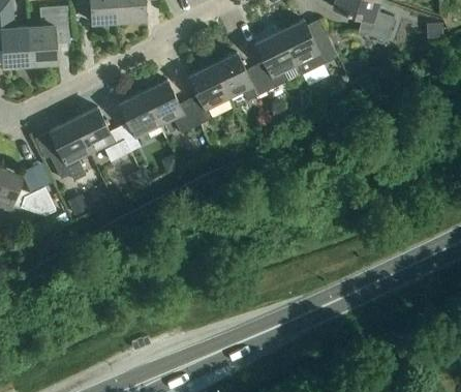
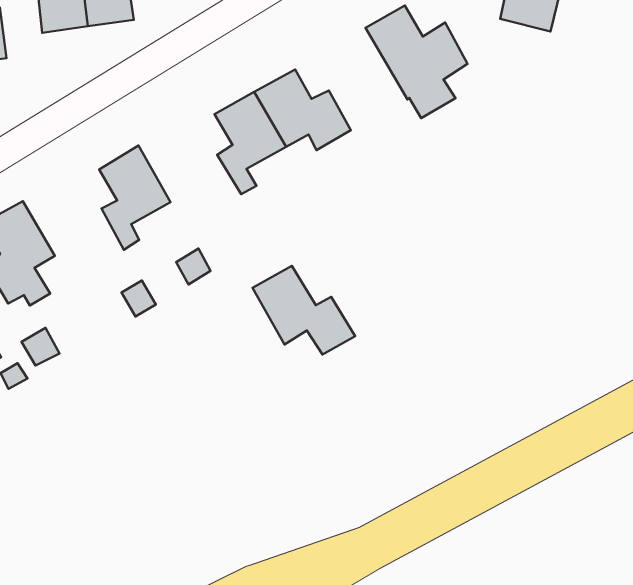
building: [256,31,298,90] -> none
building: [144,80,202,132] -> [252,266,355,354]
building: [74,107,131,160] -> none

